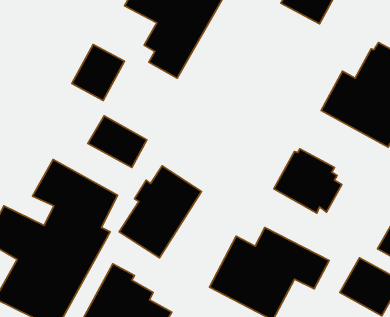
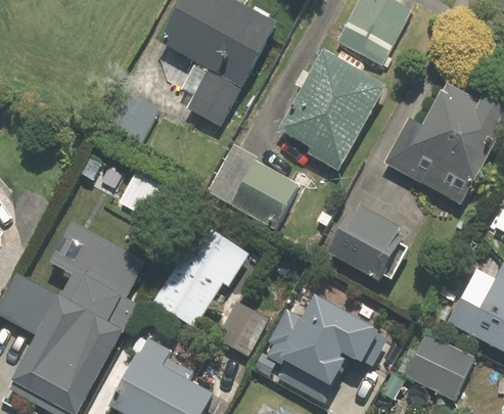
building: none -> [278,51,383,169]
building: none -> [208,148,297,227]
building: none -> [215,301,268,355]

